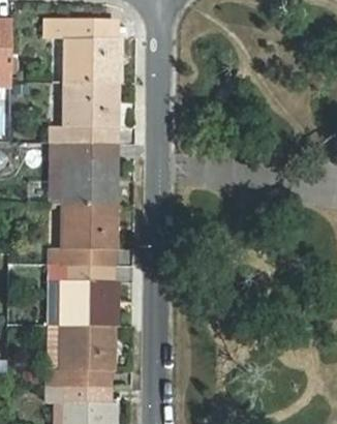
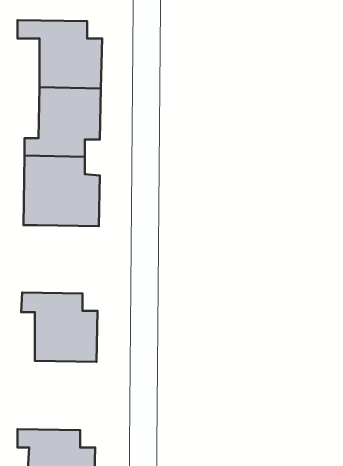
building: [47,204,117,265] -> none
building: [44,325,115,387] -> none

